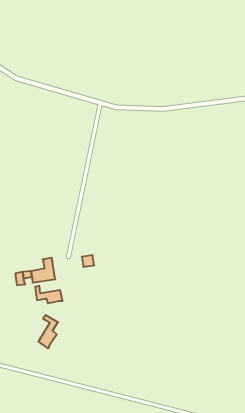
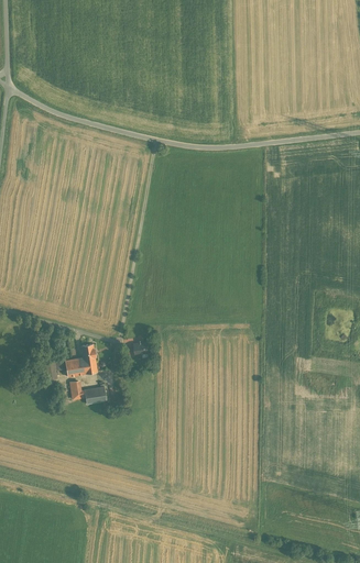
building: [38,315,58,348] -> none

